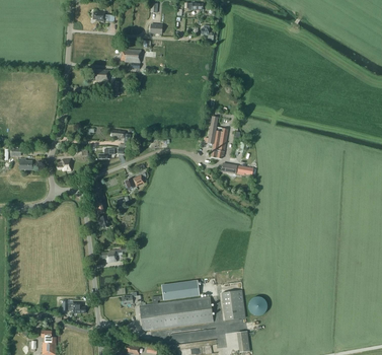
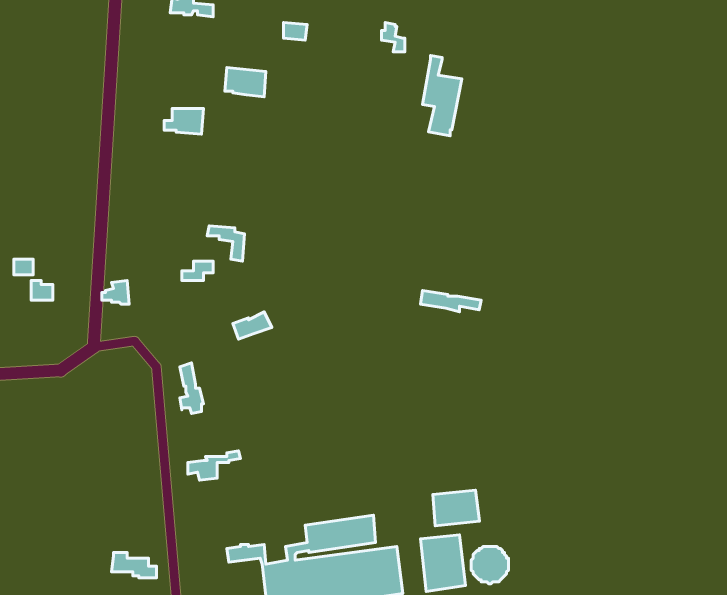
building: [208,117,228,158] -> [423,56,462,136]
building: none -> [433,490,479,526]

